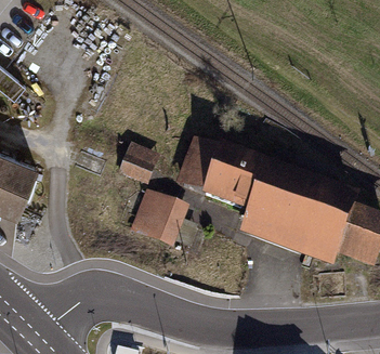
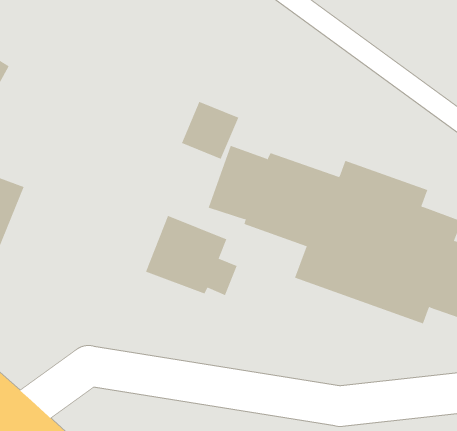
building: [117,142,159,184] -> [181,101,239,159]

